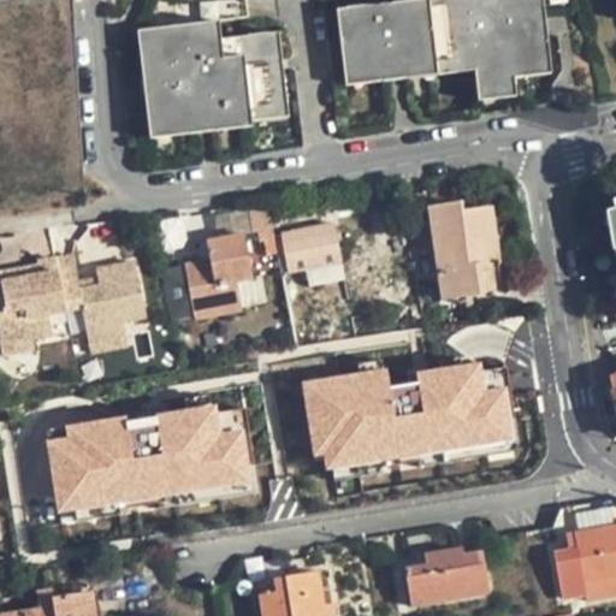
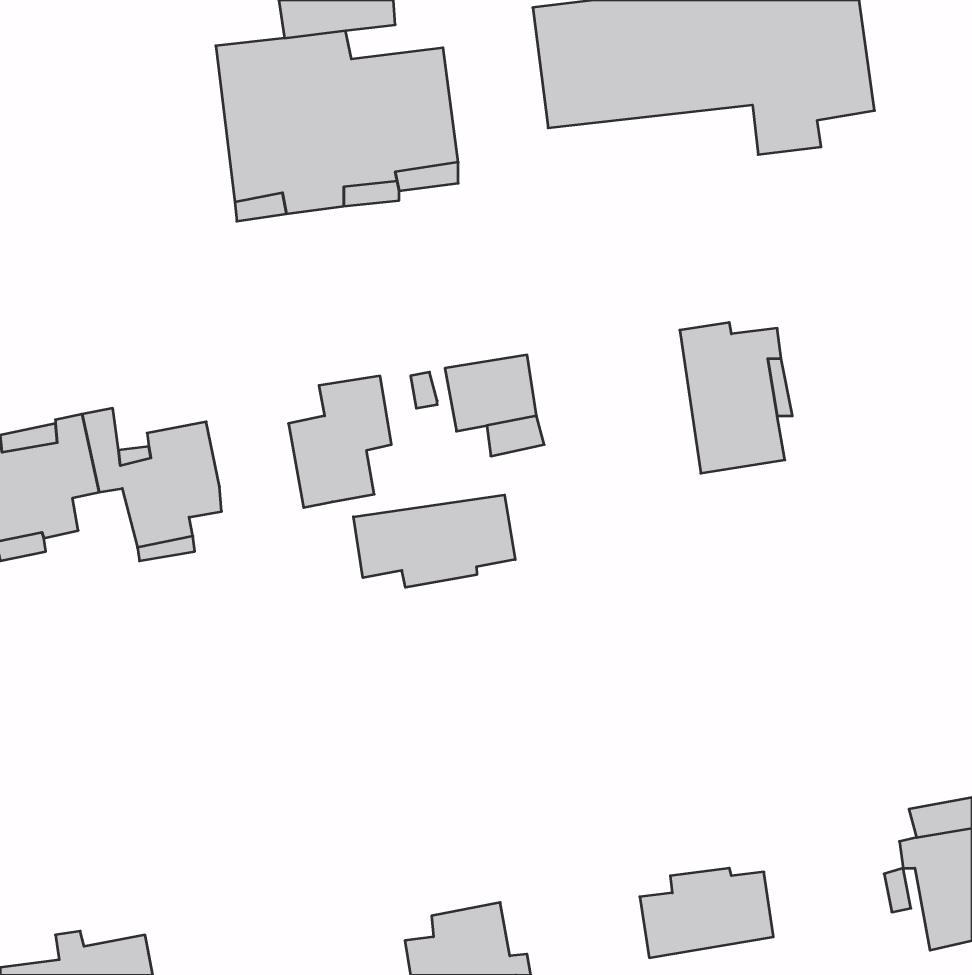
building: none -> [353,495,515,587]
building: [302,363,520,479] -> none
building: [46,405,259,517] -> none

